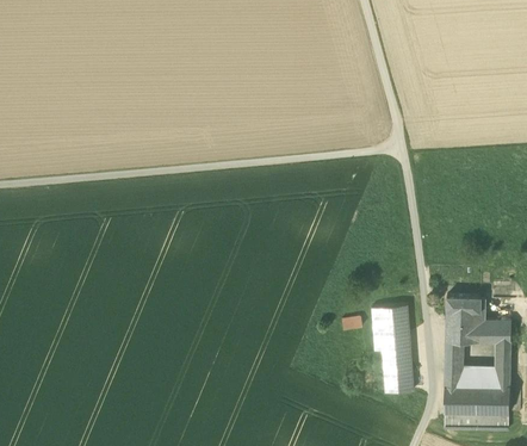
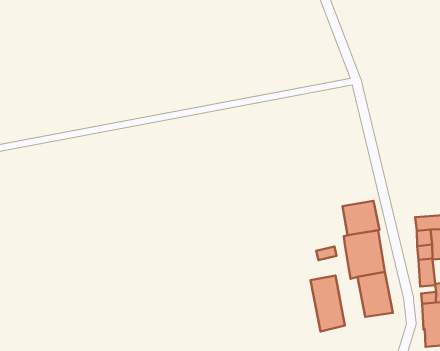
building: none -> [342,201,379,235]
building: none -> [311,275,345,332]

